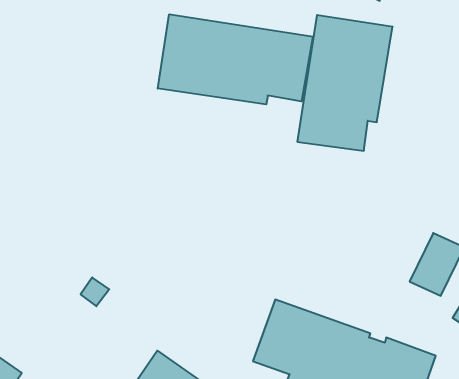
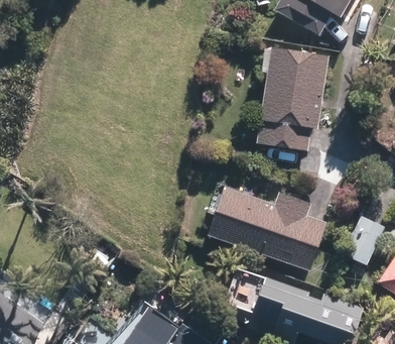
building: [158,14,313,104] -> none
building: none -> [208,186,327,269]

